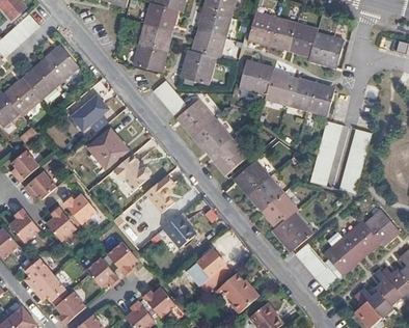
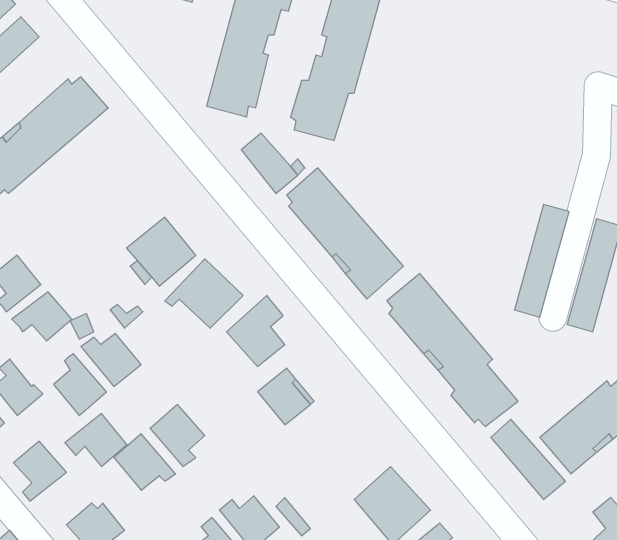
building: [249,12,344,65] -> none
building: [239,61,333,115] -> none
building: [73,95,107,129] -> none
building: [187,248,225,285] -> none
building: [33,273,69,303] -> [65,414,127,466]

